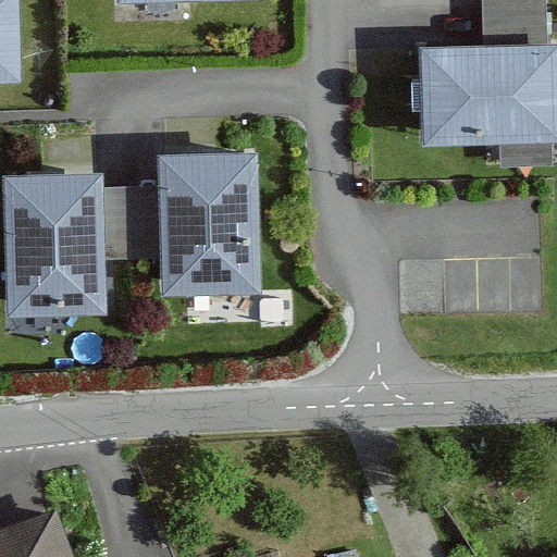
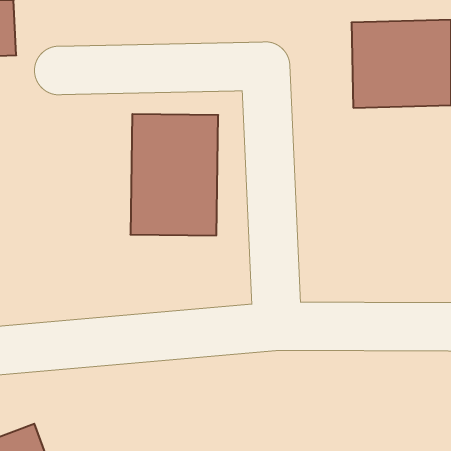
building: [7,184,106,312] -> none

